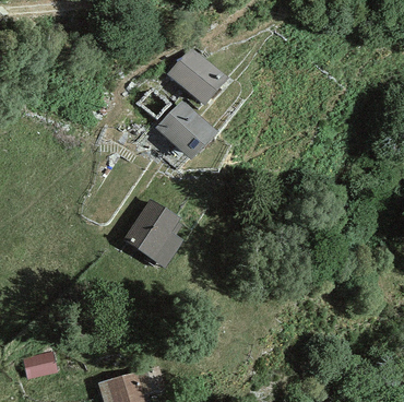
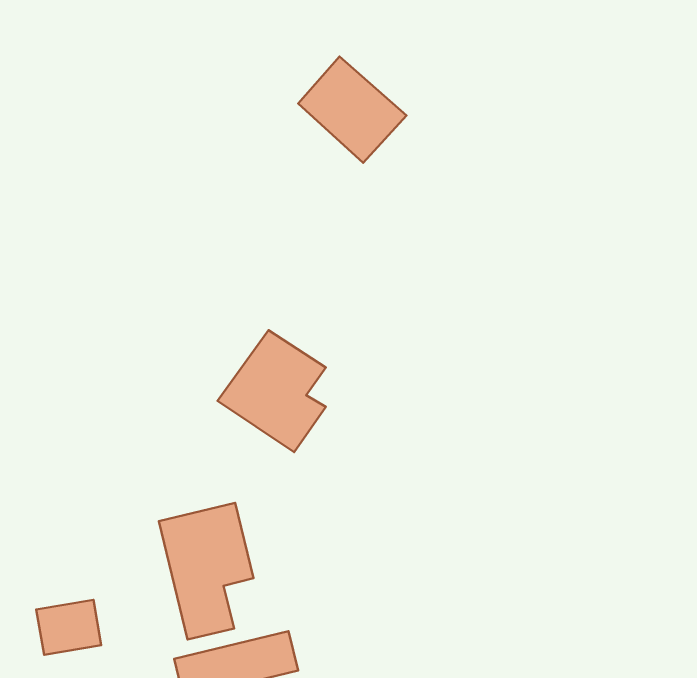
building: [156,99,218,161] -> none
building: none -> [159,503,253,639]

